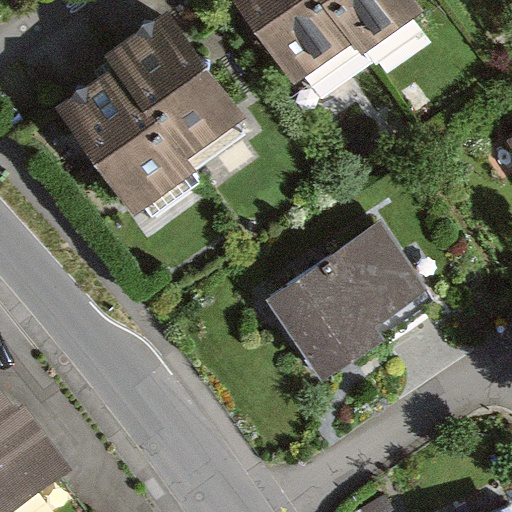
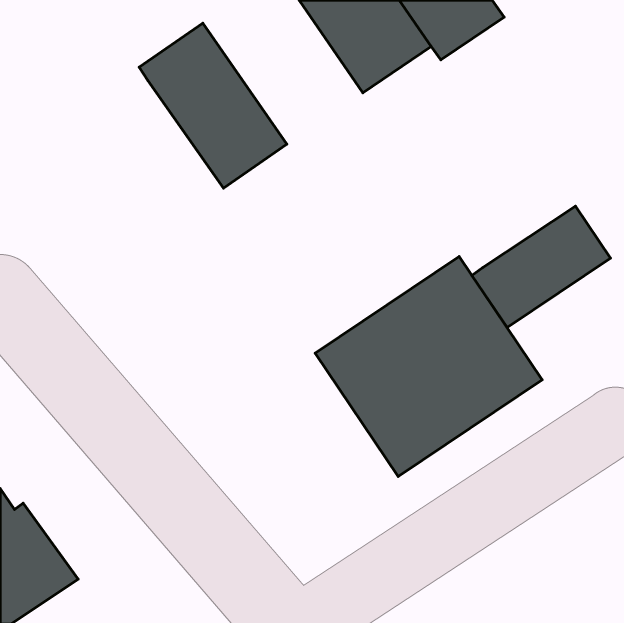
building: [64,67,192,208] -> none
building: none -> [472,206,611,328]

